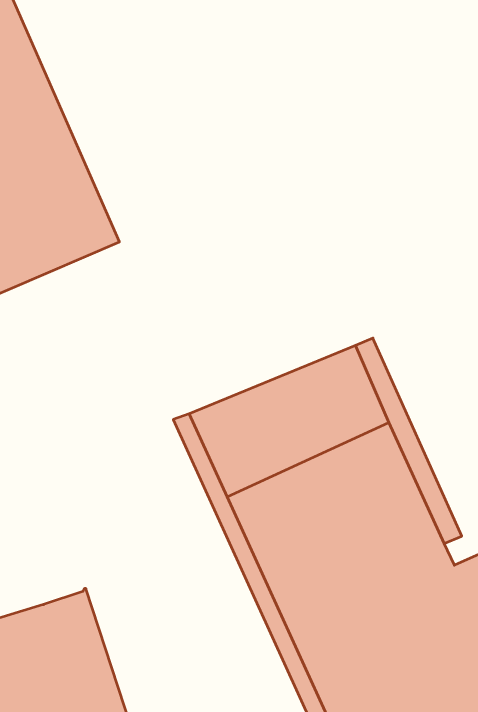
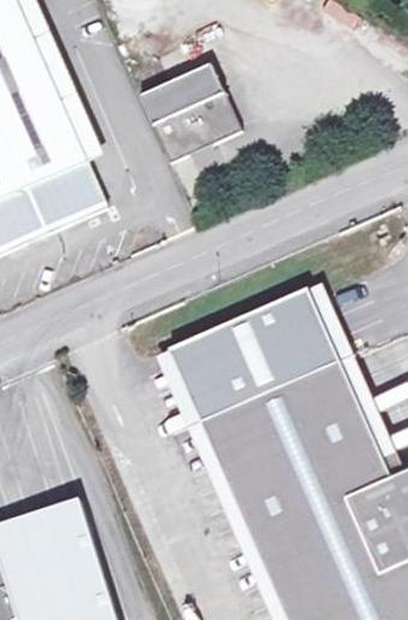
building: none -> [140,54,259,161]

